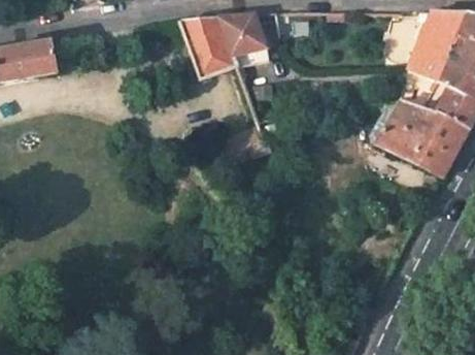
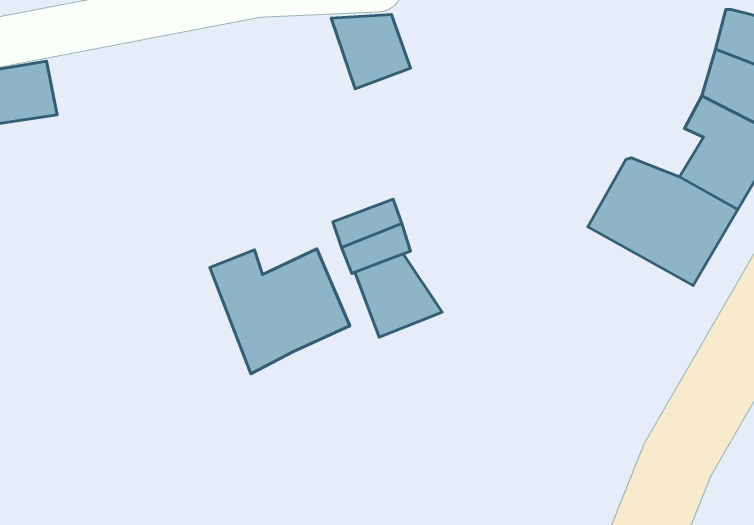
building: [414,8,456,61] -> none
building: [176,14,238,80] -> none
building: none -> [210,249,350,374]
building: none -> [355,254,442,337]

